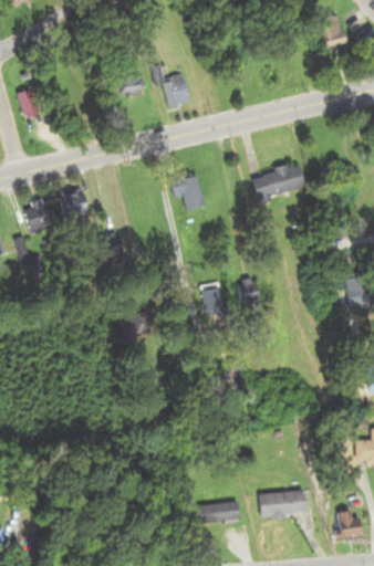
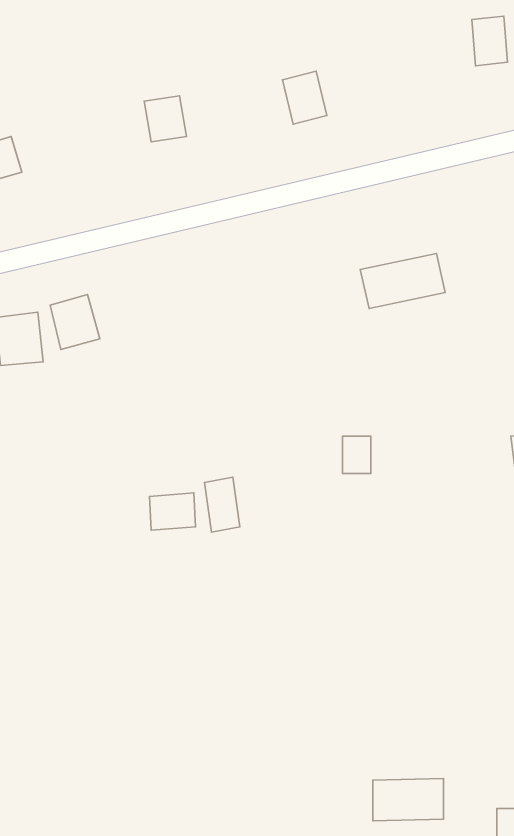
building: [162,73,189,106] -> [283,71,327,124]
building: [169,171,204,209] -> none
building: [201,281,224,315] -> [205,477,240,532]
building: [197,502,239,522] -> none

